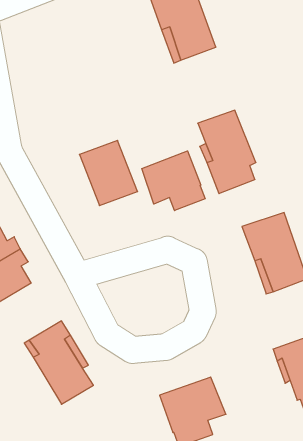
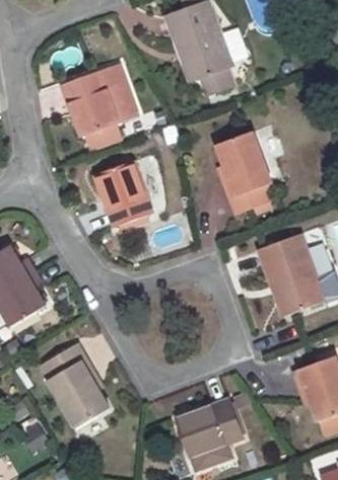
building: none -> [62,64,138,151]
building: [142,151,205,211] -> none

